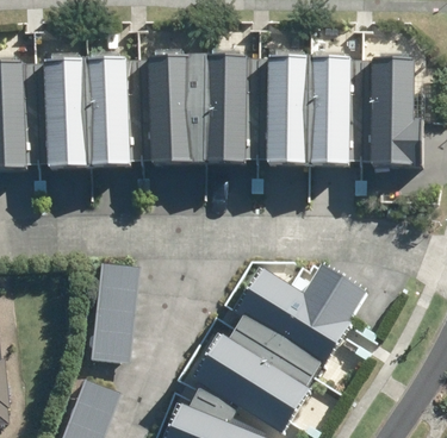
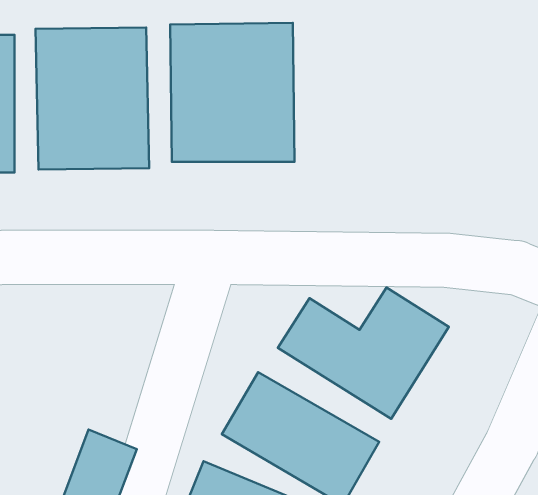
building: [265,55,354,165] -> none
building: [371,58,422,164] -> none
building: [88,263,139,363] -> none

